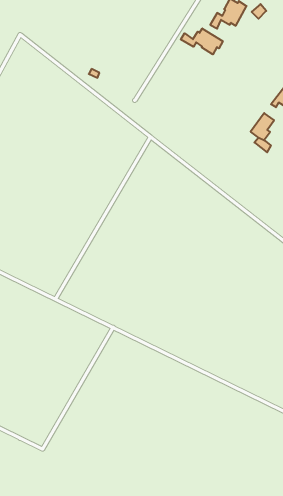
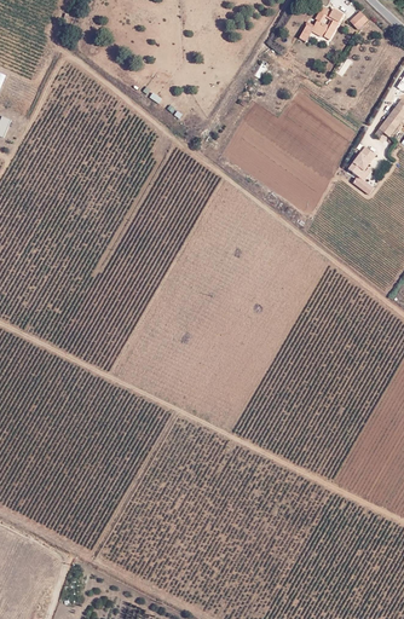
building: [181,28,223,54] -> none

